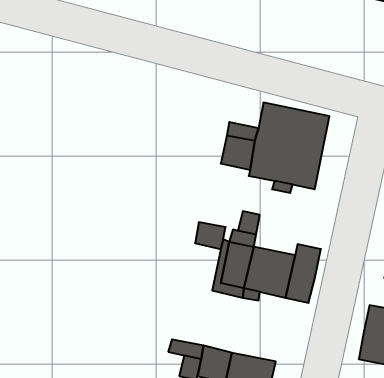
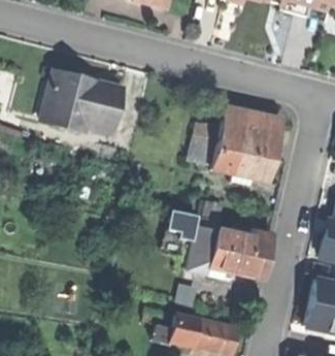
building: none -> [41,74,122,136]

